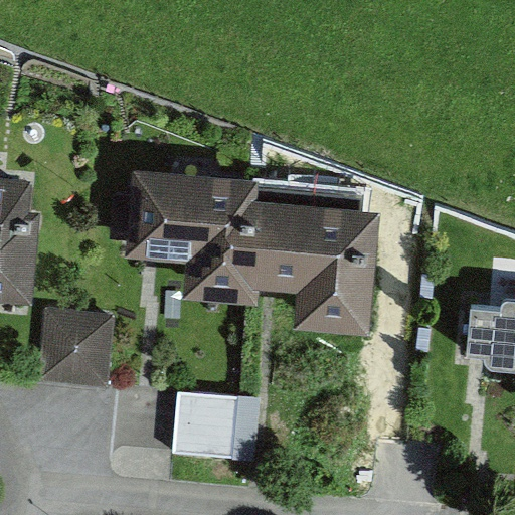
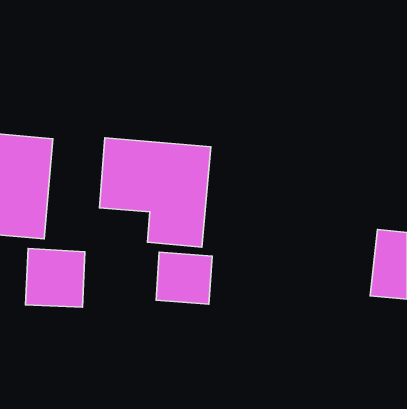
building: [259,192,398,329] -> none
building: [170,391,240,457] -> [156,252,212,304]

